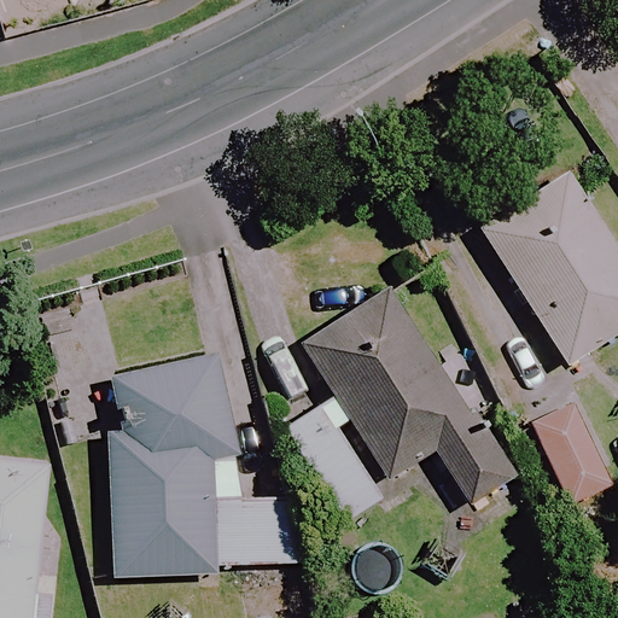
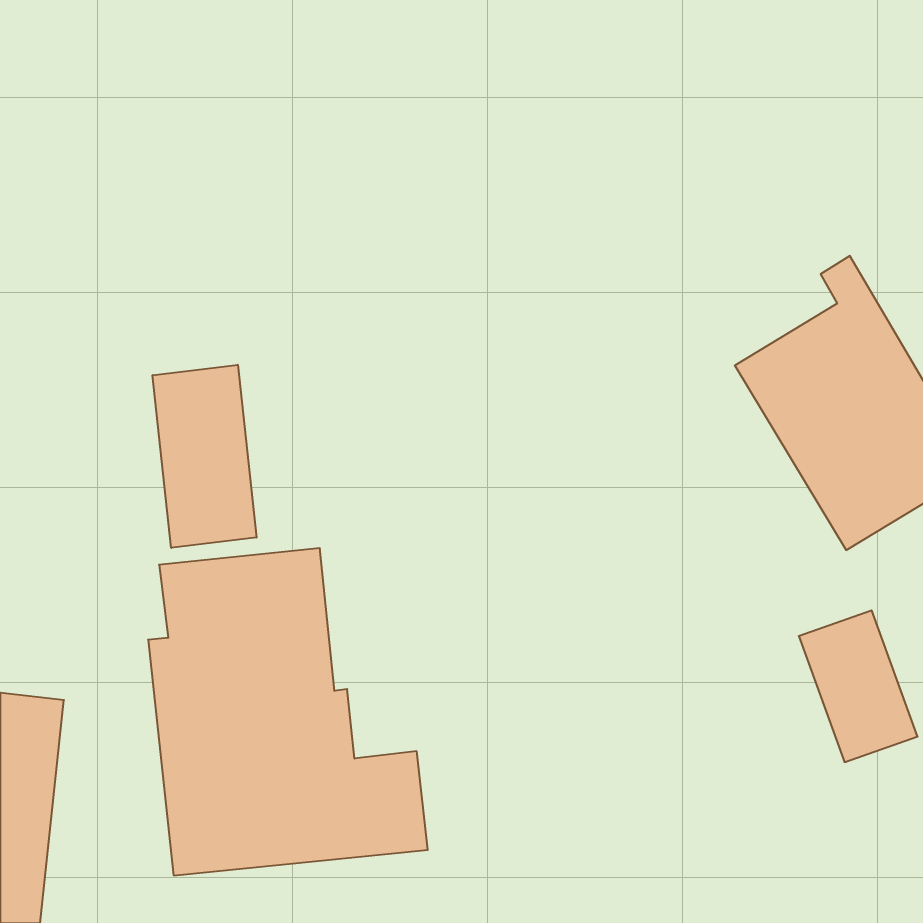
building: none -> [153,365,256,548]
building: [287,286,514,521] -> none

